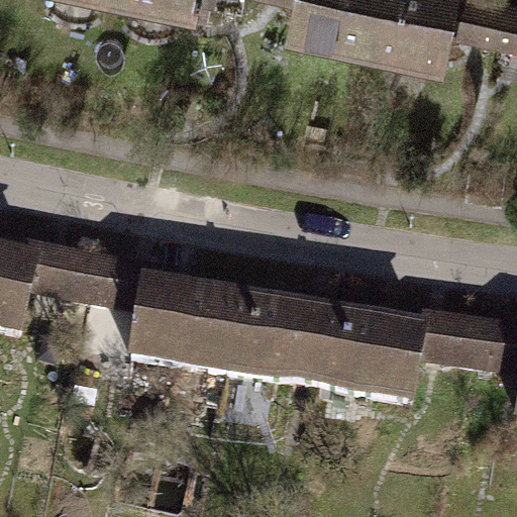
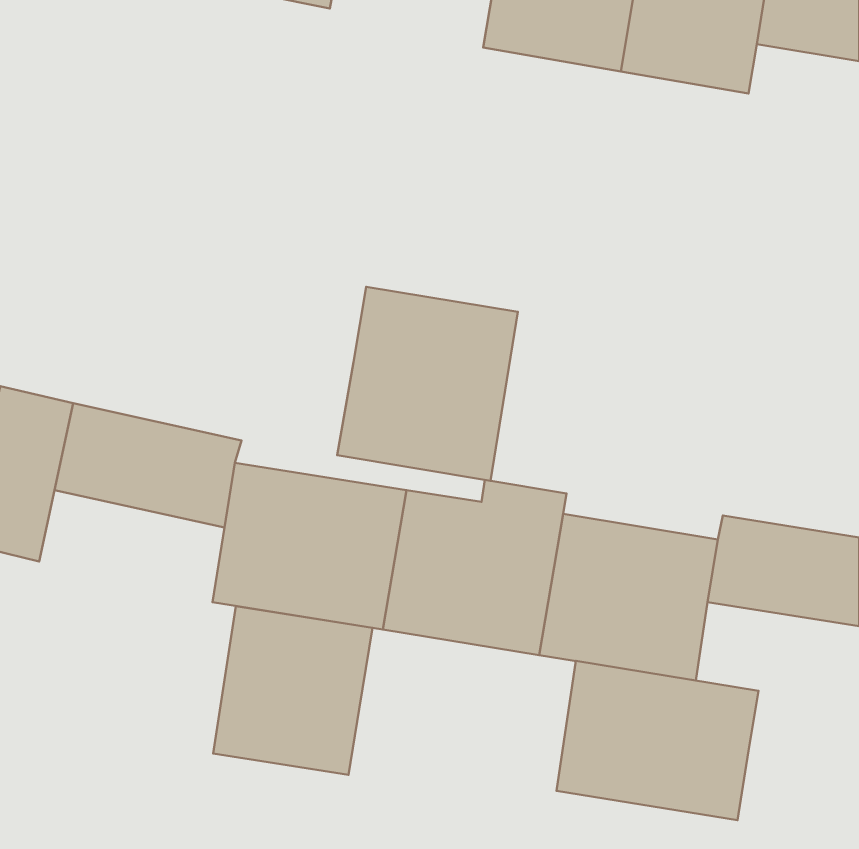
building: none -> [337,287,518,481]
building: none -> [213,606,373,775]
building: none -> [556,661,758,820]

